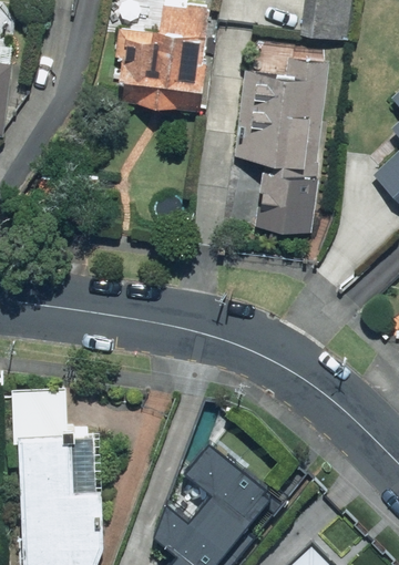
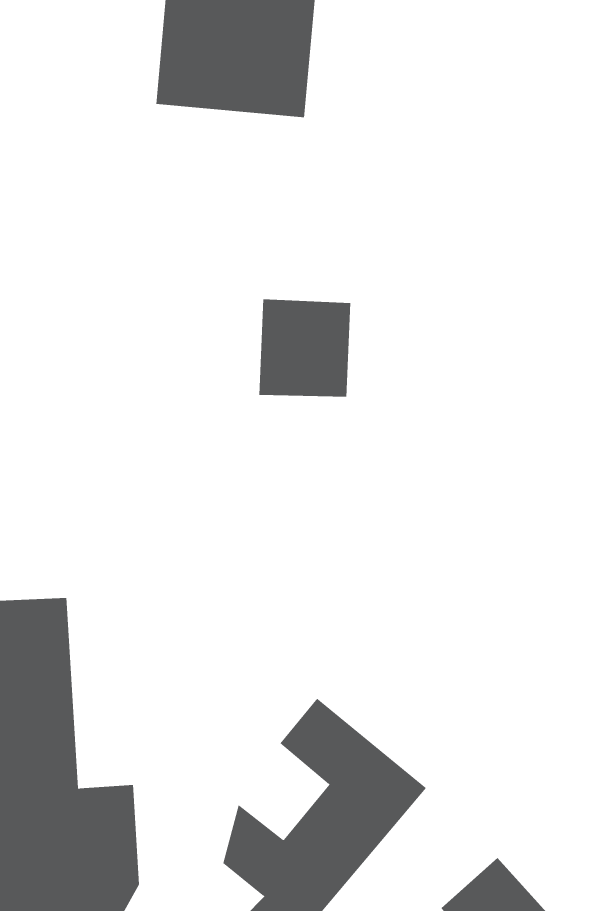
building: [236,61,326,173] -> none
building: [258,177,310,233] -> [259,299,351,397]

